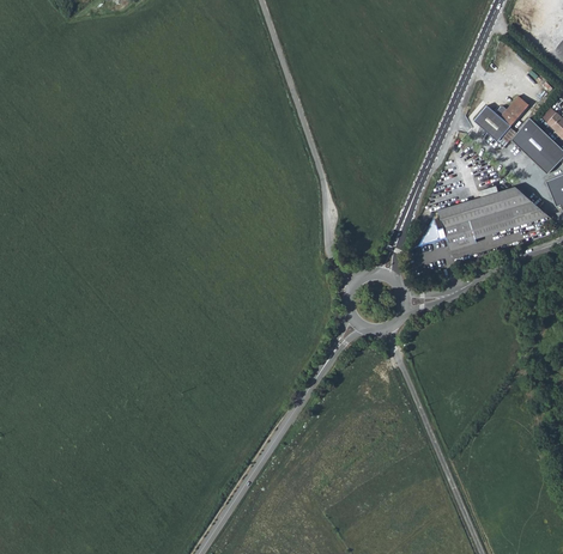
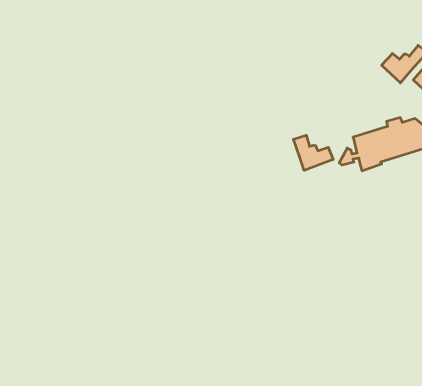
building: none -> [293,135,333,170]

